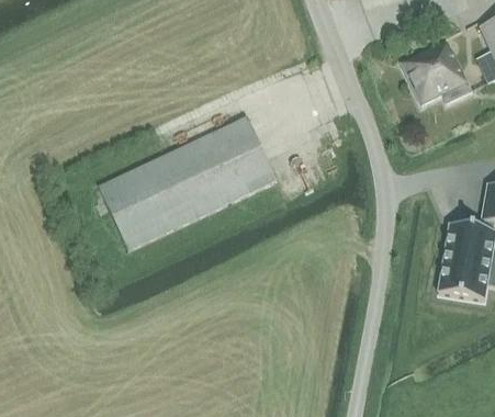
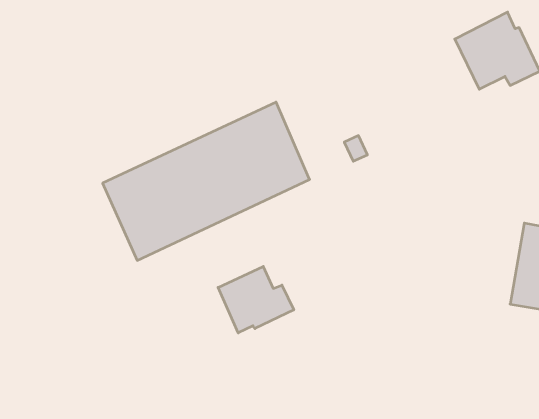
building: none -> [218,266,294,333]

